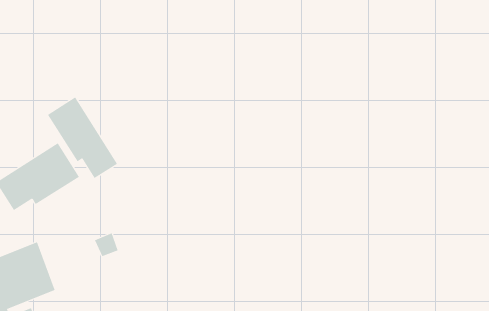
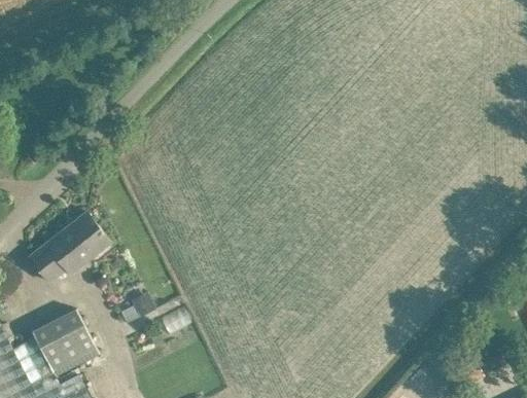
building: [47,97,118,179] -> none

